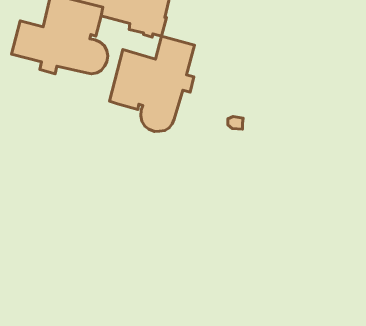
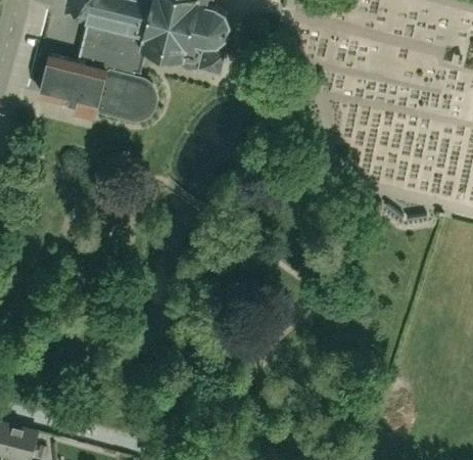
building: [109,36,194,131] -> none

